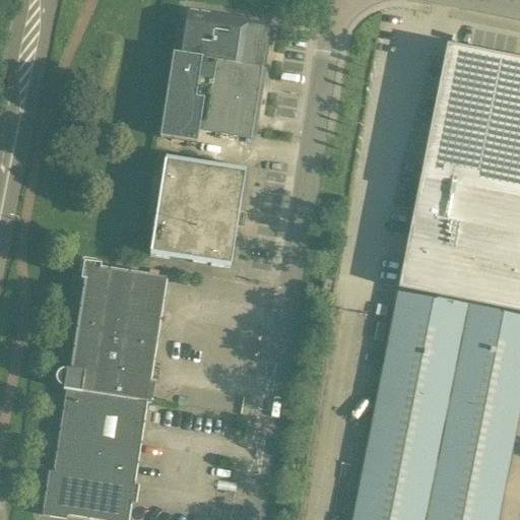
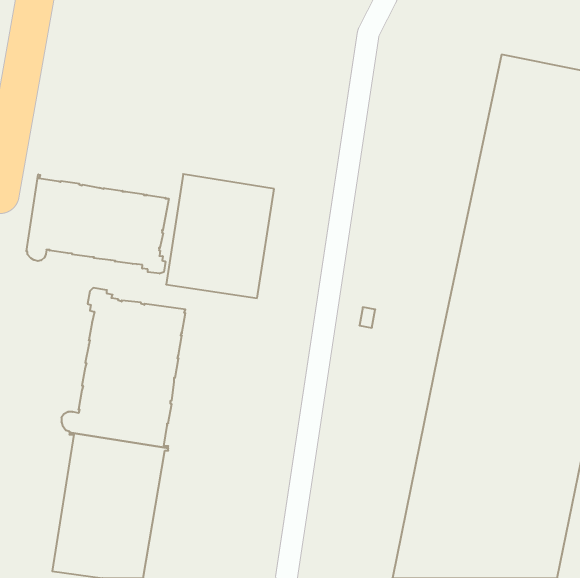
building: [159,10,268,141] -> none
building: none -> [26,174,169,274]

